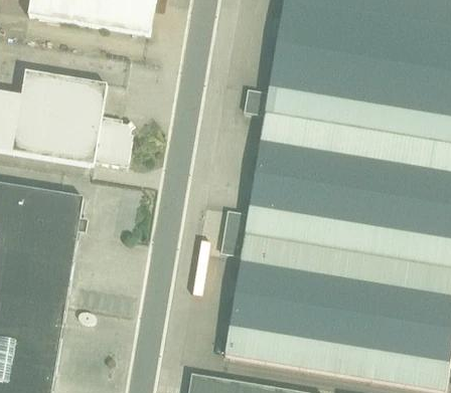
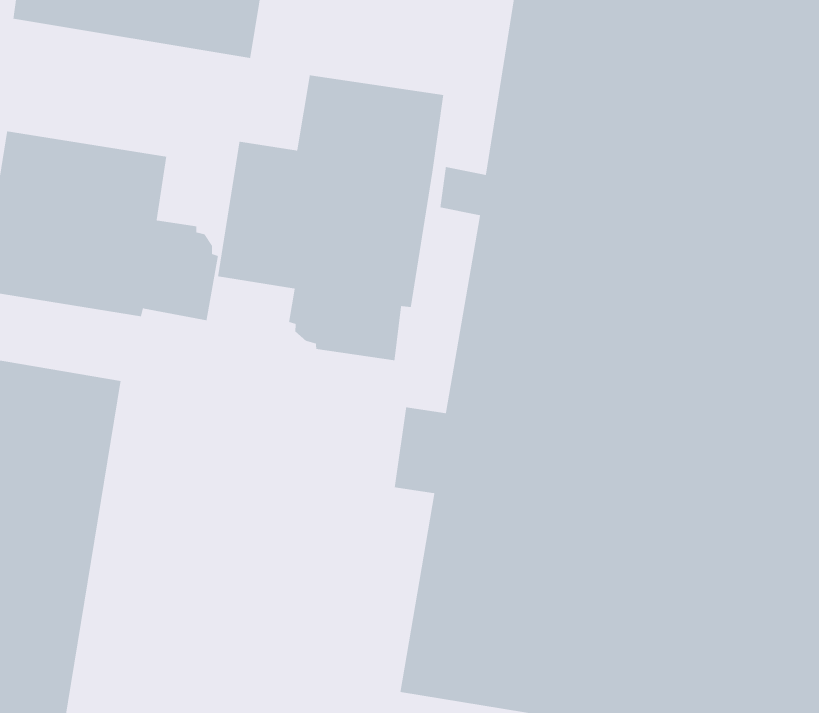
building: none -> [217,75,444,361]

